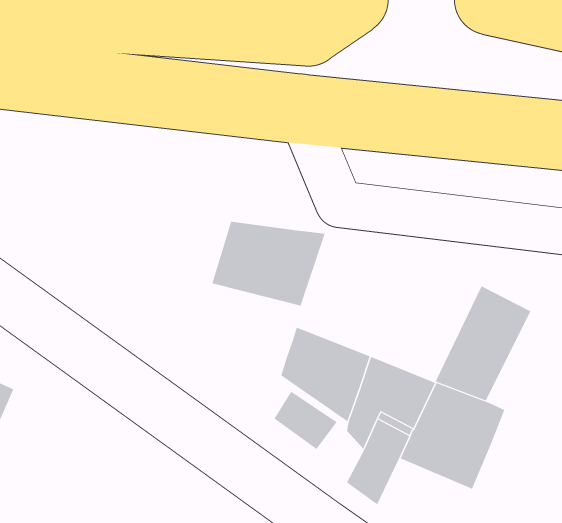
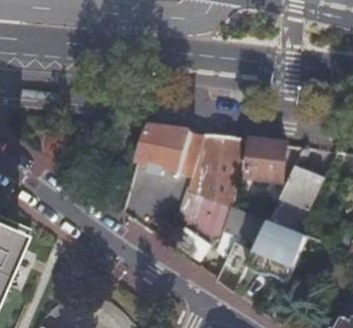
building: none -> [192,135,247,207]
building: none -> [252,141,292,184]

